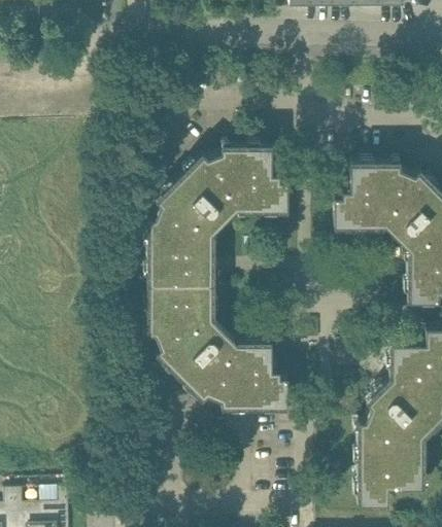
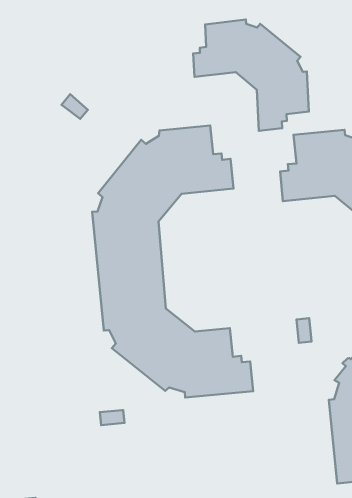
building: none -> [193,20,309,131]

